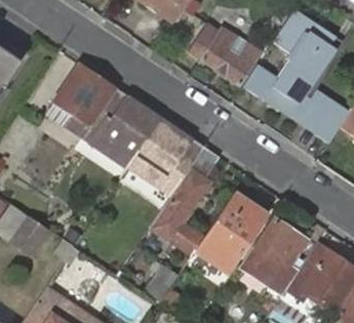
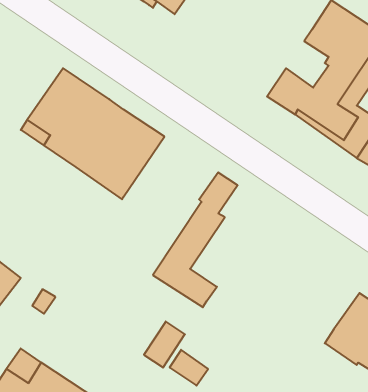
building: [189,24,263,85] -> none
building: [128,118,204,195] -> none
building: [195,192,267,273] -> none
building: [240,219,307,294] -> none

